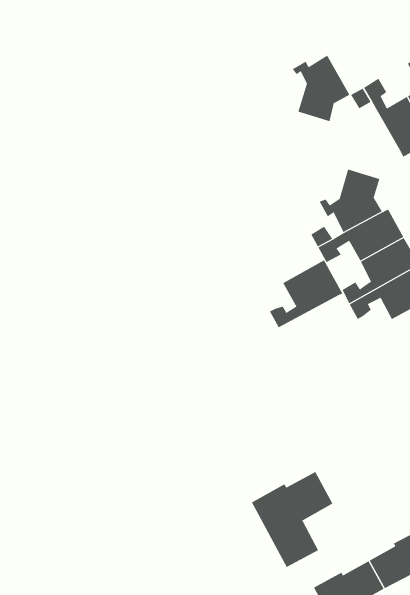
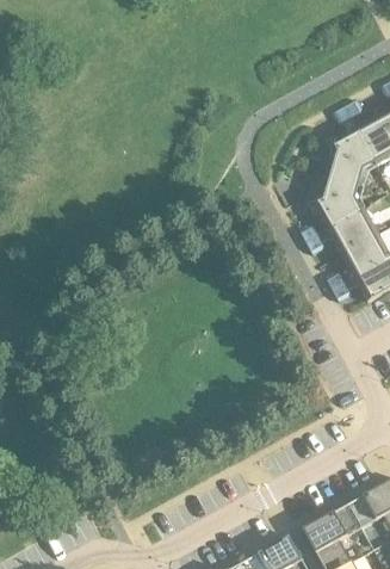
building: [292,55,350,122] -> [326,129,374,185]
building: [269,259,343,328] -> none
building: [251,471,333,568] -> none

